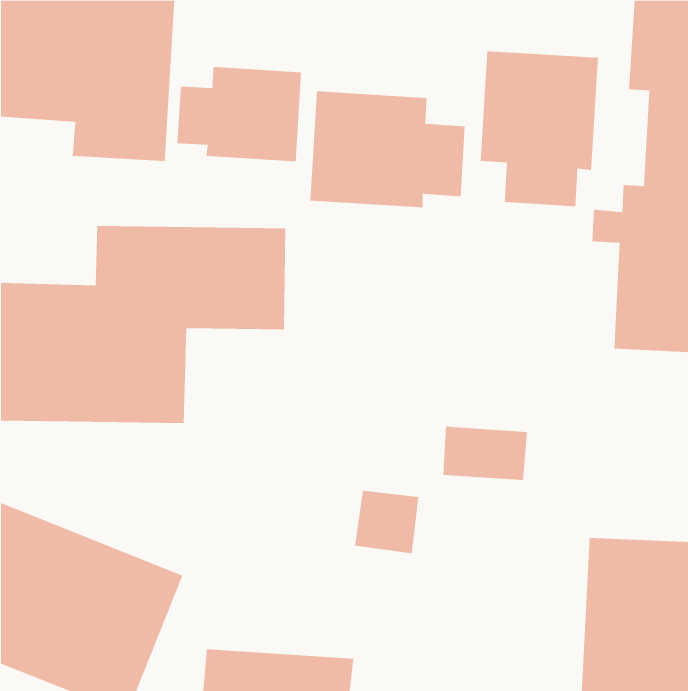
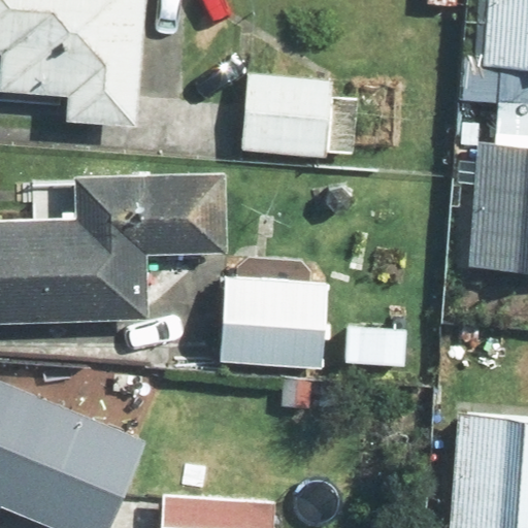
building: [480,50,599,207] -> none
building: [177,66,302,162] -> none
building: none -> [210,279,328,369]

